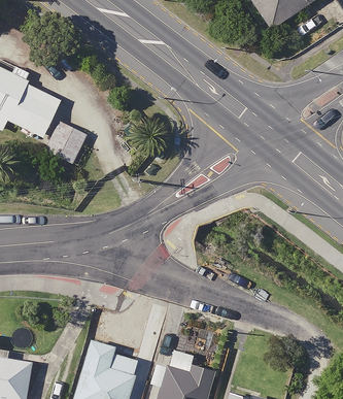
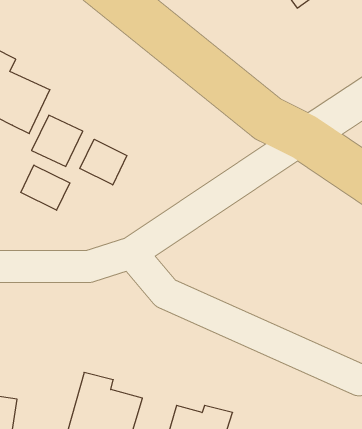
building: none -> [80,139,127,185]
building: none -> [21,165,70,210]

